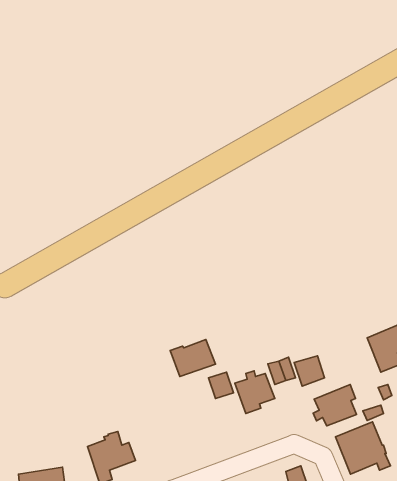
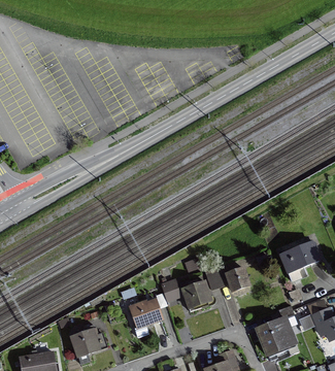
building: [170,339,216,377] -> [129,299,163,327]
building: [313,385,357,426] -> none

